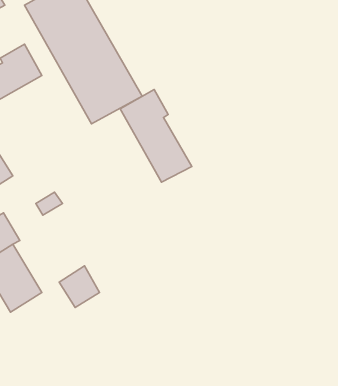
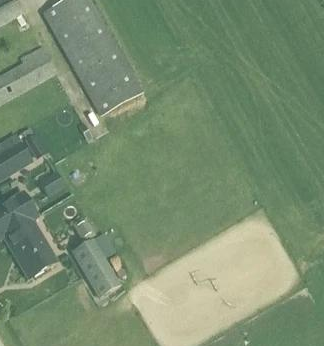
building: [120,89,192,182] -> none
building: none -> [86,260,122,297]

